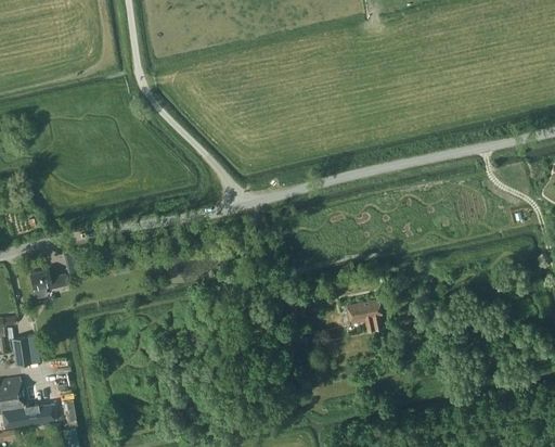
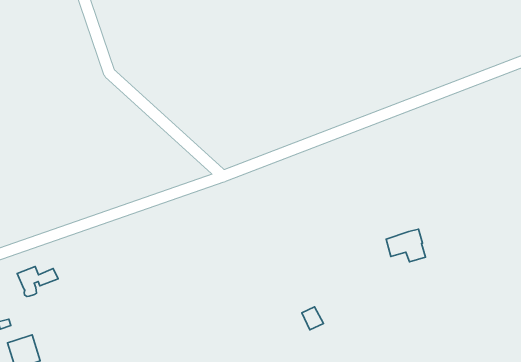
building: [347,299,383,330] -> [386,229,426,262]

